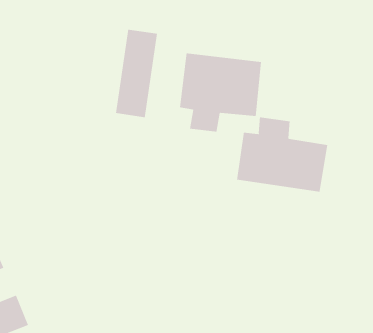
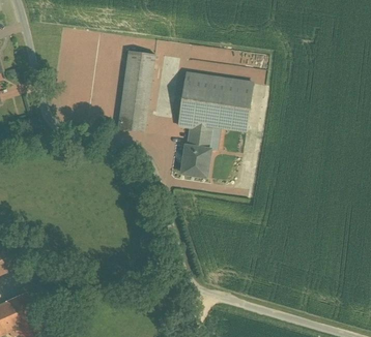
building: [237,117,328,193] -> none
building: none -> [180,147,212,182]

